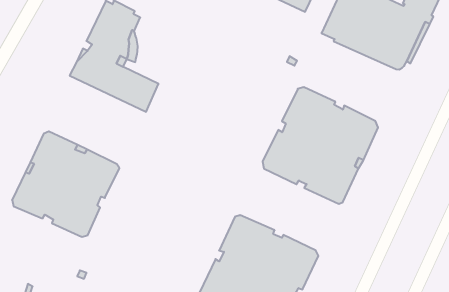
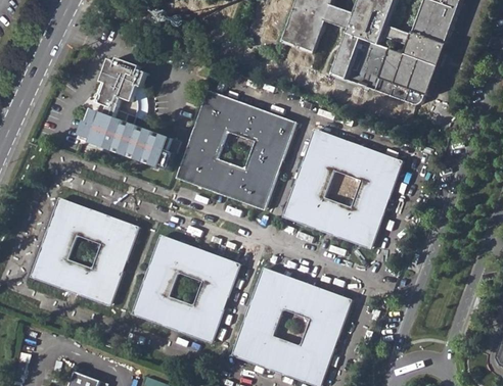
building: none -> [176,91,293,208]
building: none -> [132,236,237,341]

